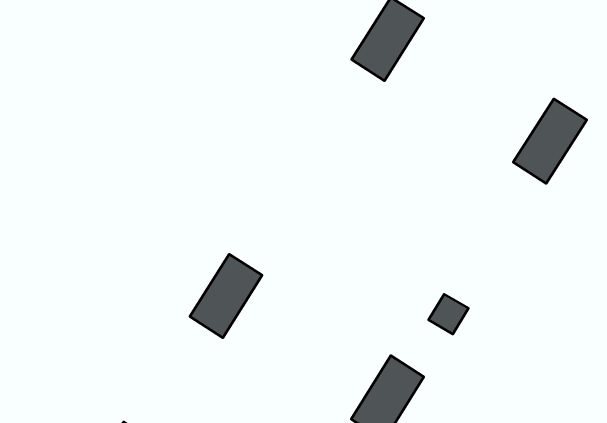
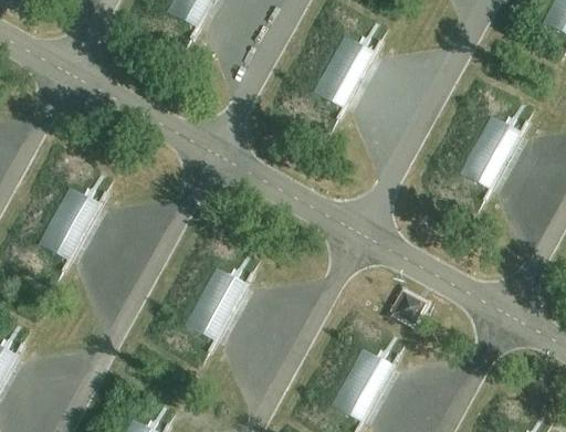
building: none -> [39,187,101,260]

